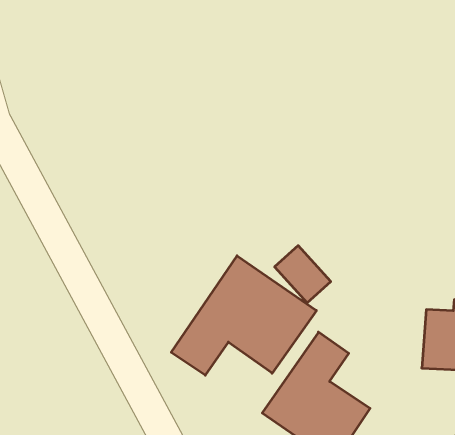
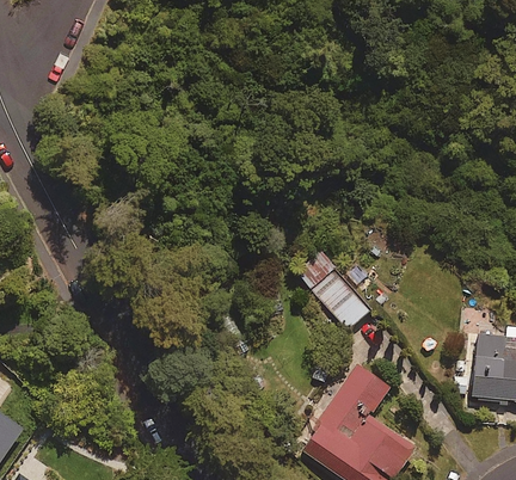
building: [171,256,316,375] -> none

